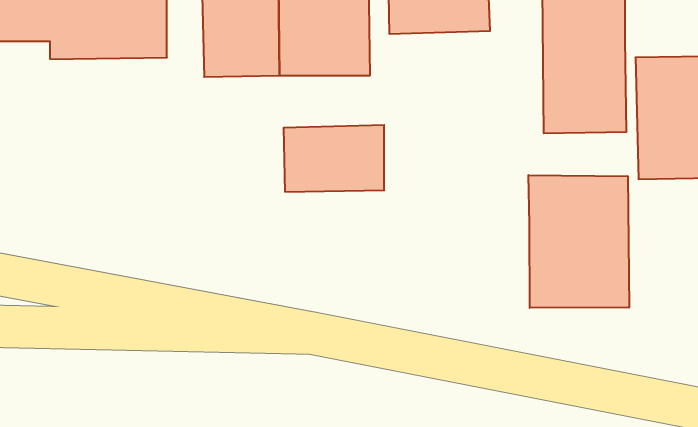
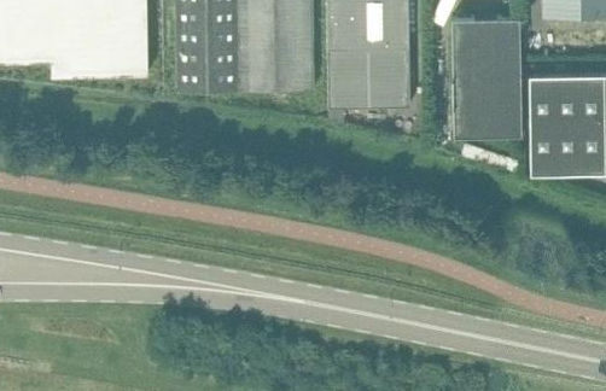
building: [283,125,384,192] -> [328,53,410,107]
building: [528,175,629,308] -> none

